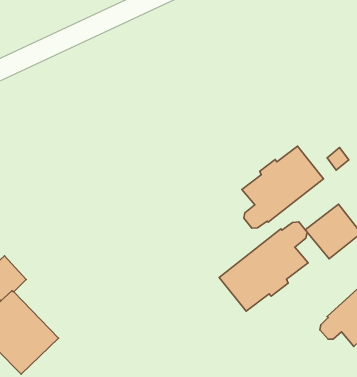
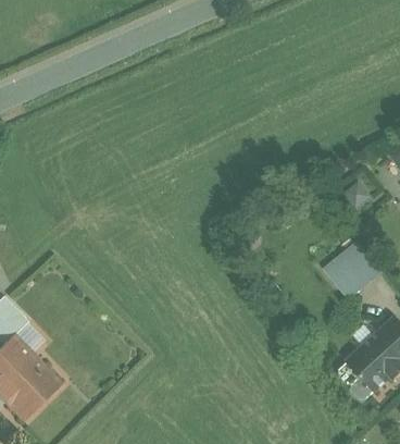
building: [242,146,324,228] -> none
building: [219,222,308,311] -> none

